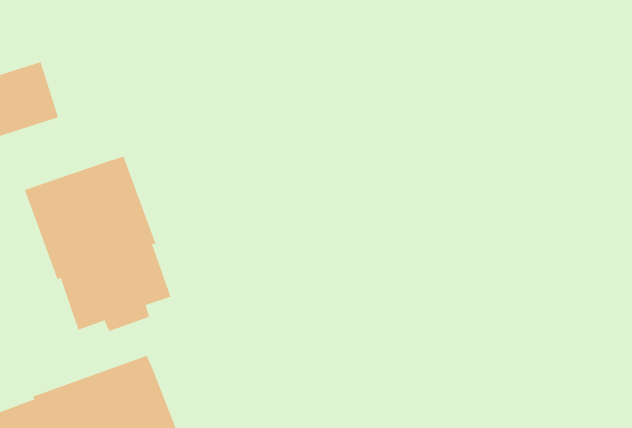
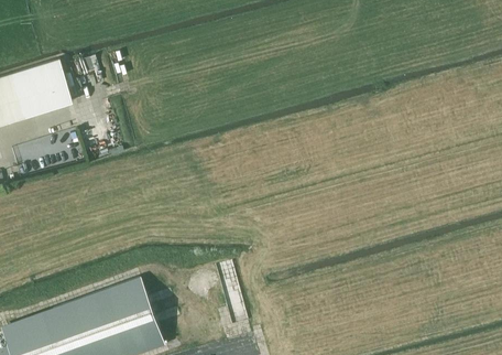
building: [24,156,171,332] -> none

